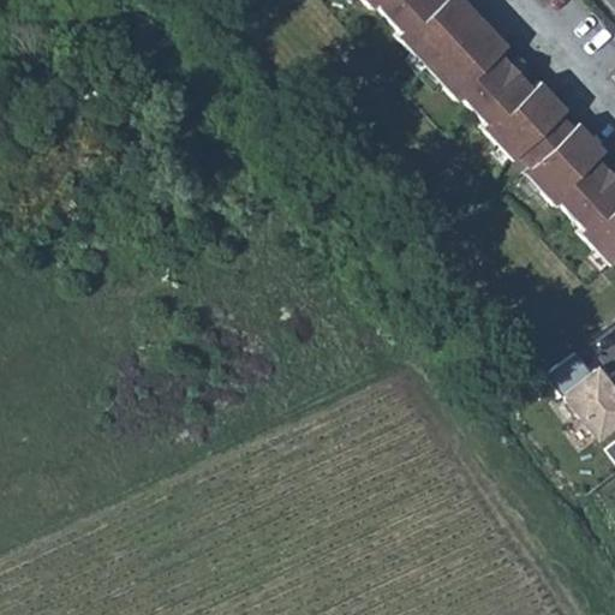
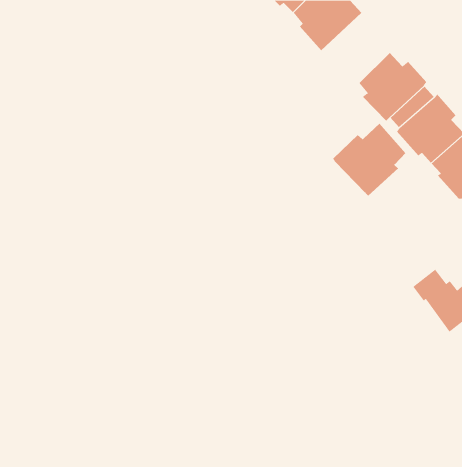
building: [429,17,519,109] -> none
building: none -> [333,123,406,197]

